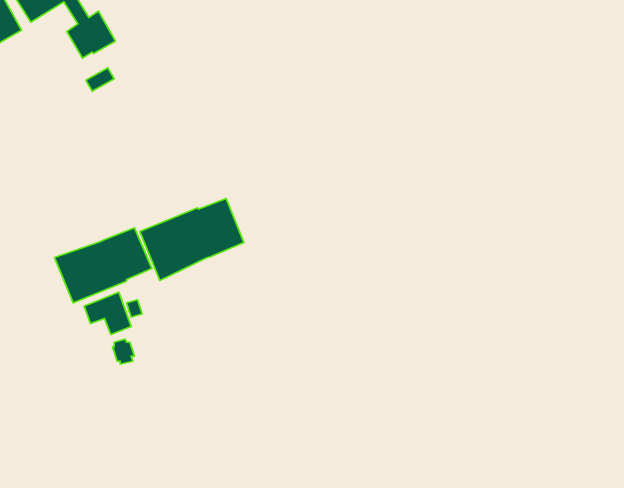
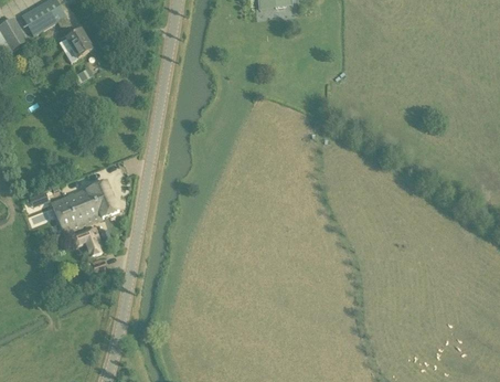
building: [140,198,244,281] -> none

